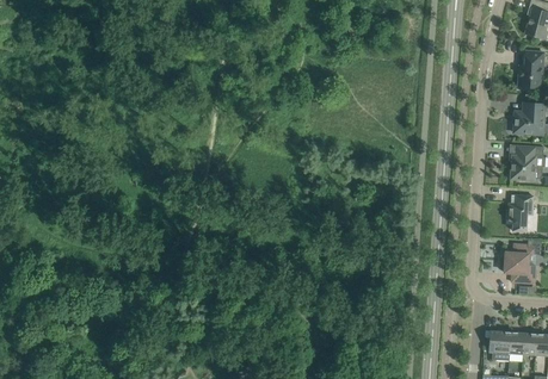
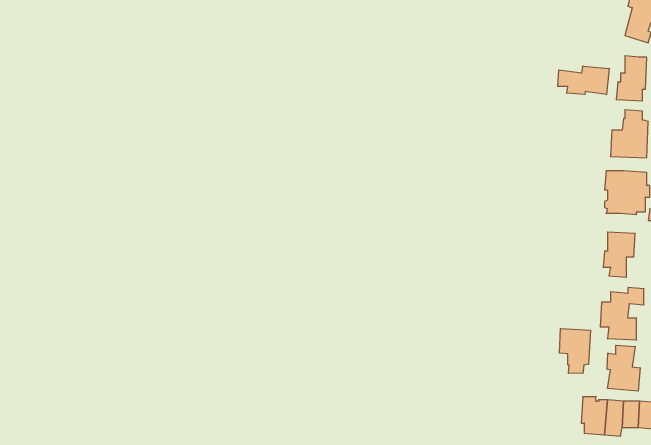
building: none -> [558,66,609,95]
building: none -> [559,328,591,373]
building: none -> [607,345,640,391]

